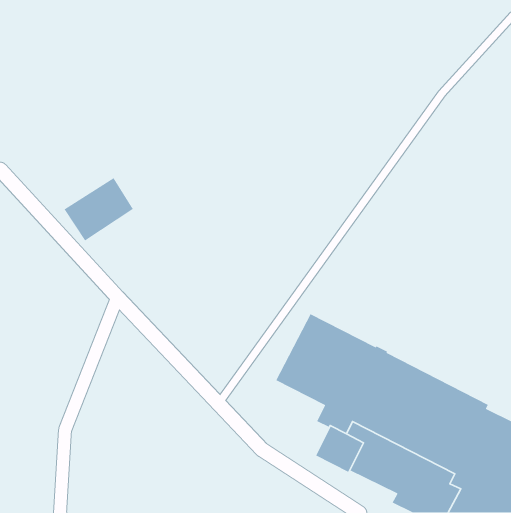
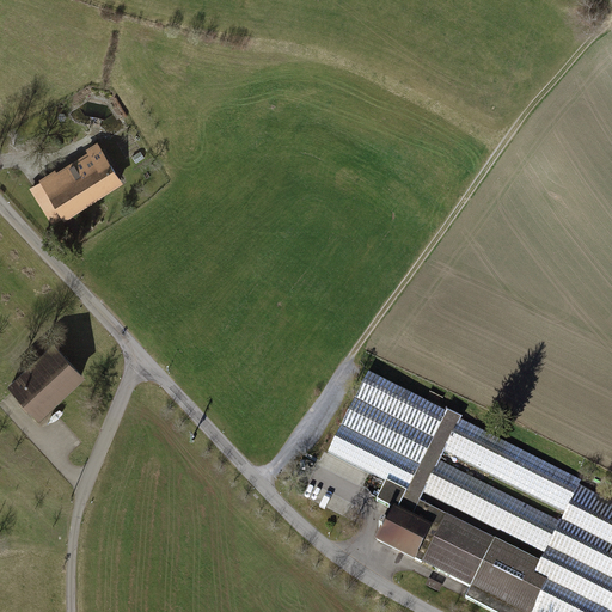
building: [64,177,134,241] -> [38,146,122,222]
building: none -> [10,339,88,417]

